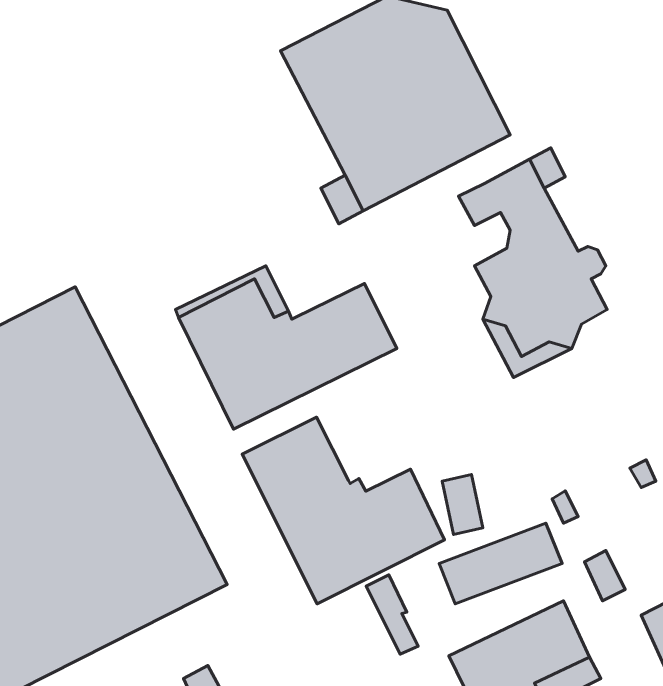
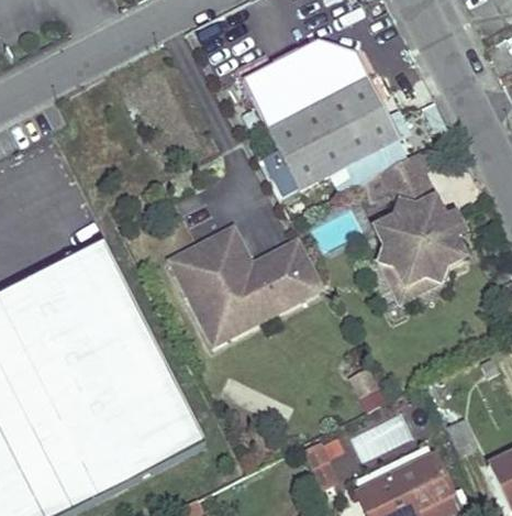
building: [242,417,444,604] -> none

